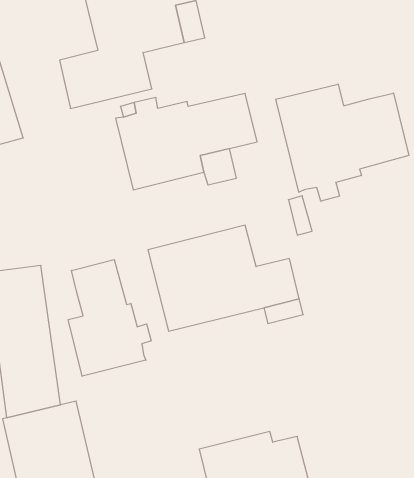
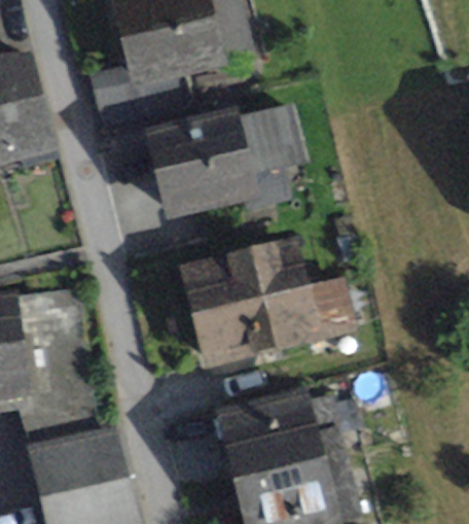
building: [276,84,409,201] -> none
building: [68,260,151,376] -> none
building: none -> [221,404,335,486]

